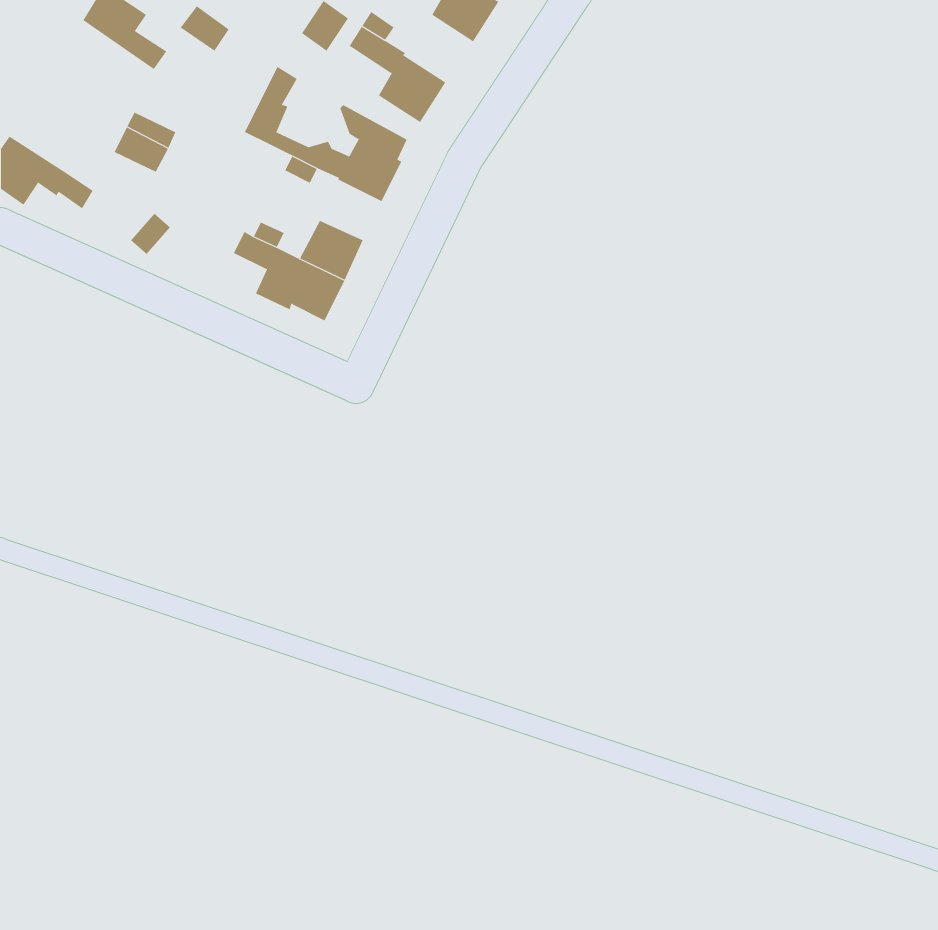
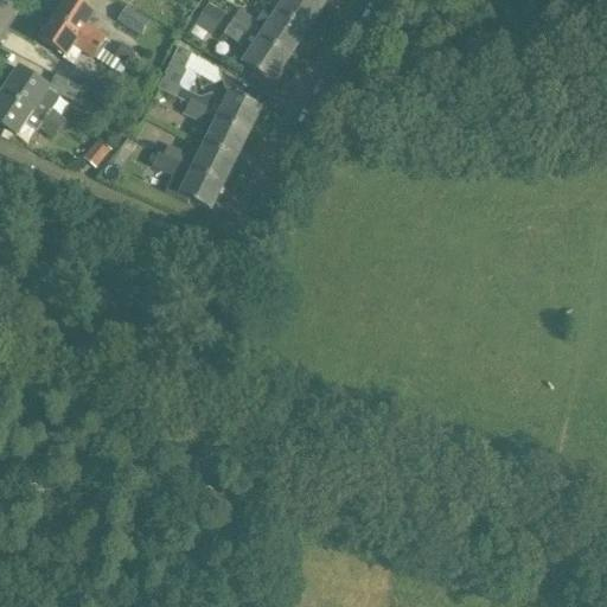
building: none -> [261,9,306,53]
building: none -> [38,13,116,65]
building: none -> [6,66,64,123]
building: none -> [206,116,247,155]

